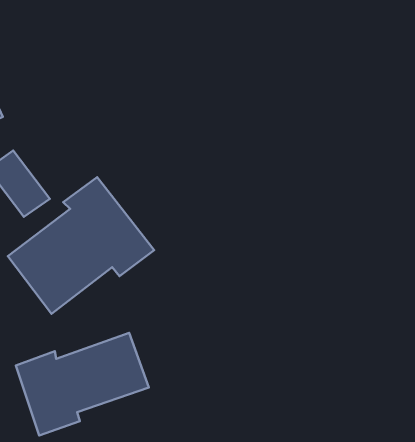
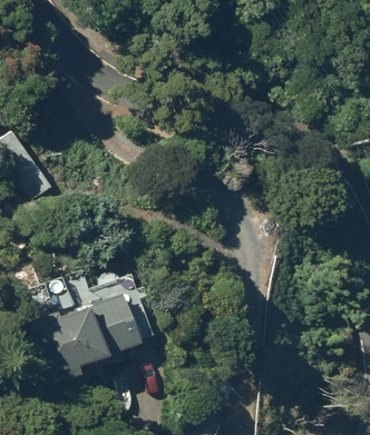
building: [8,177,154,314] -> none

